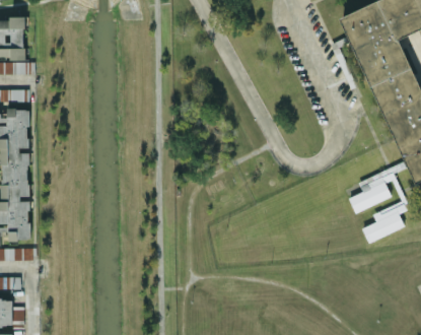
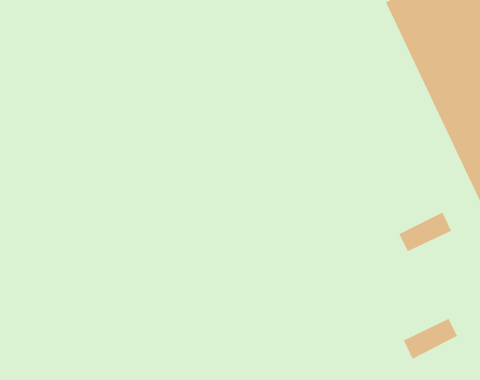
building: [361,211,404,244] -> [403,318,458,360]

